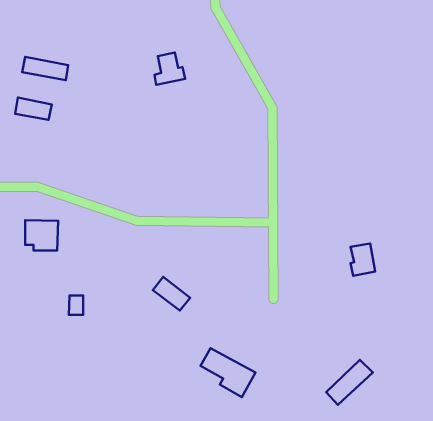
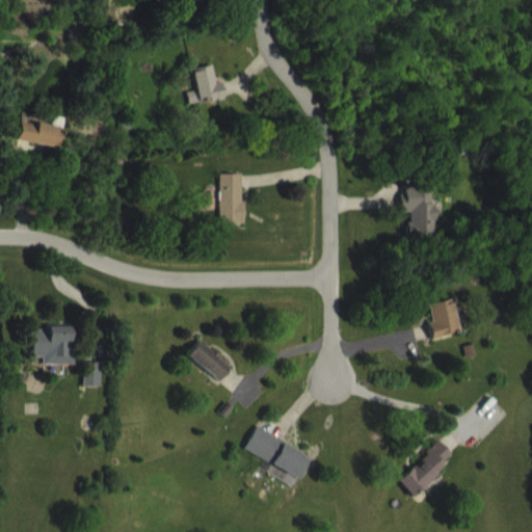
building: [22,57,68,80] -> none
building: none -> [220,172,244,223]
building: none -> [399,187,432,236]
building: [25,220,58,251] -> [33,326,74,364]

